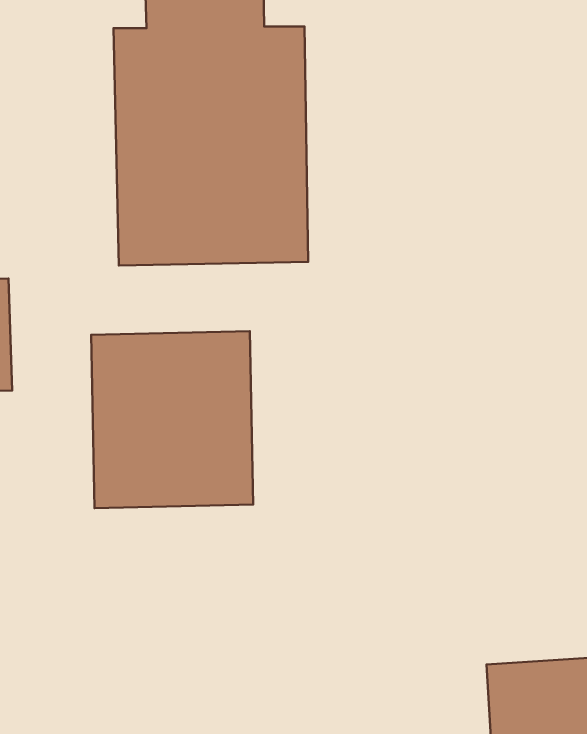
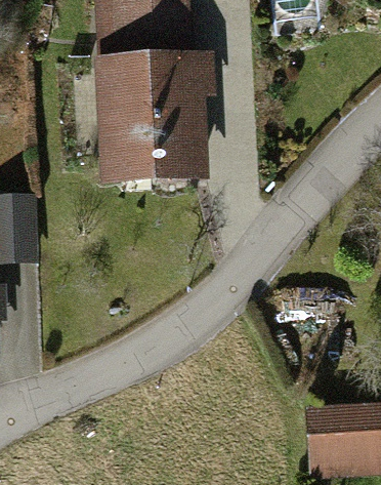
building: [91,331,253,508] -> none

